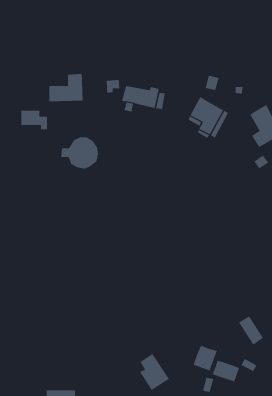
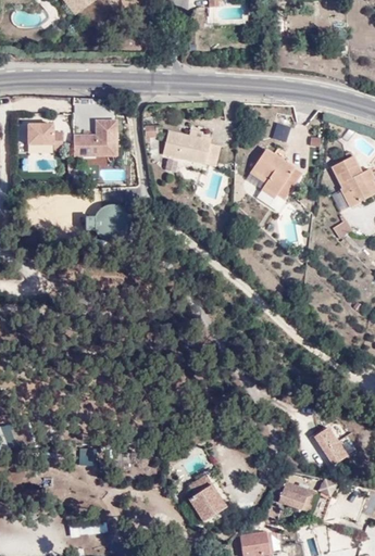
building: [21,110,48,130] -> [27,124,62,149]
building: [193,345,217,371] -> none

